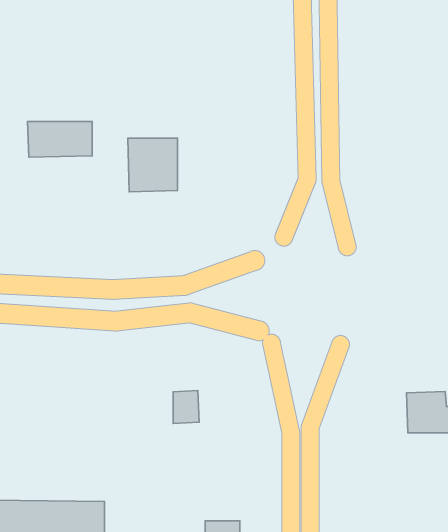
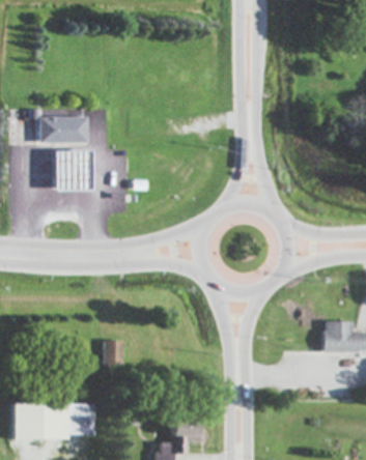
building: [128,138,177,192] -> [52,151,89,192]
building: [173,390,199,423] -> [104,340,123,365]

